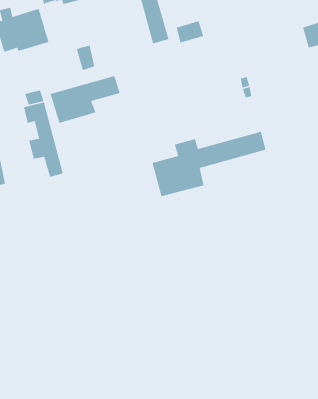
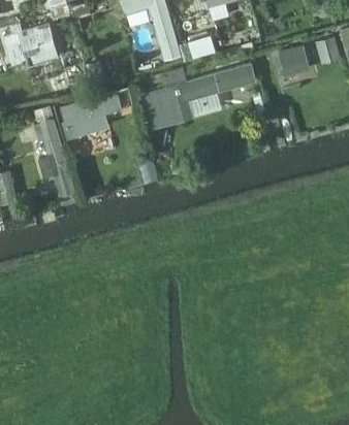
building: none -> [277,45,310,77]
building: [152,131,267,197] -> [139,63,256,130]

